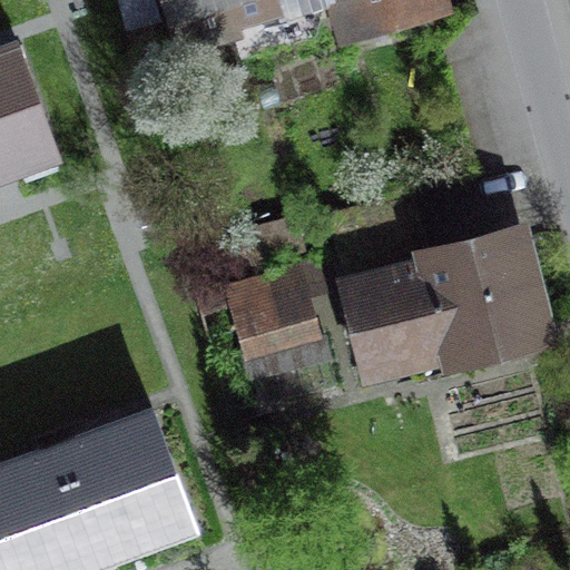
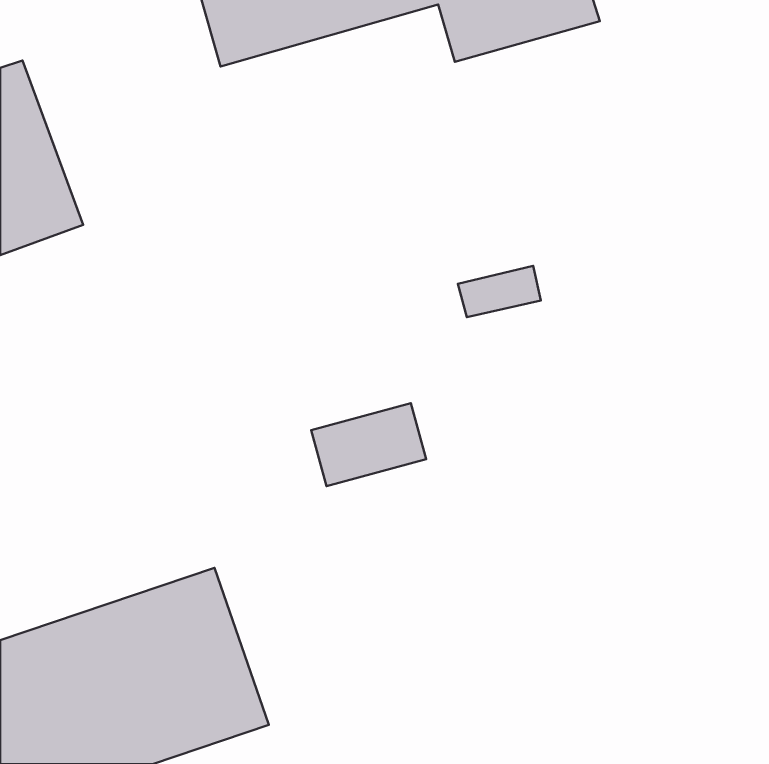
building: [325,217,550,384] -> none

